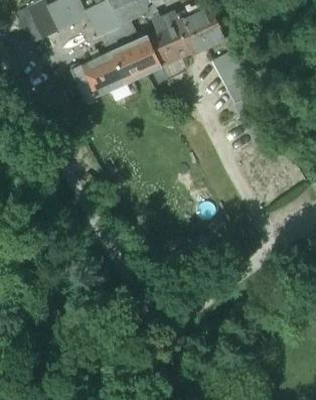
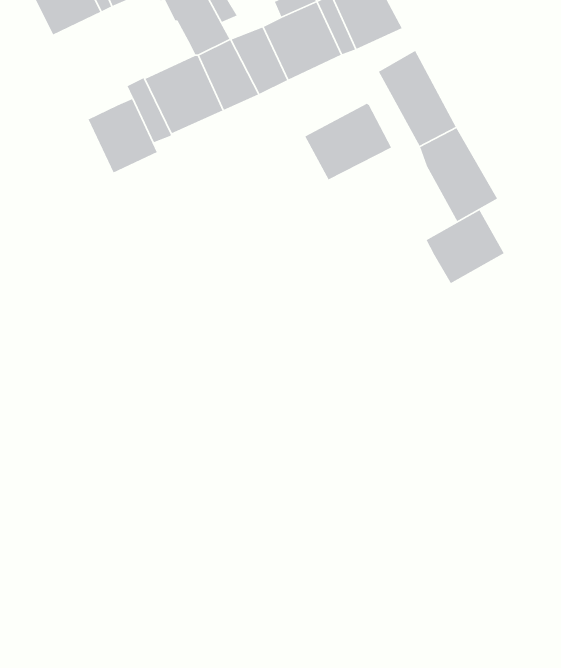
building: none -> [88,98,158,174]
building: none -> [304,103,392,181]
building: none -> [426,209,505,284]

